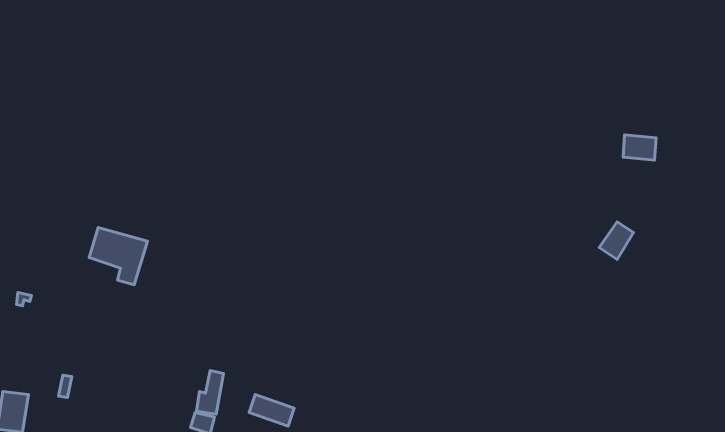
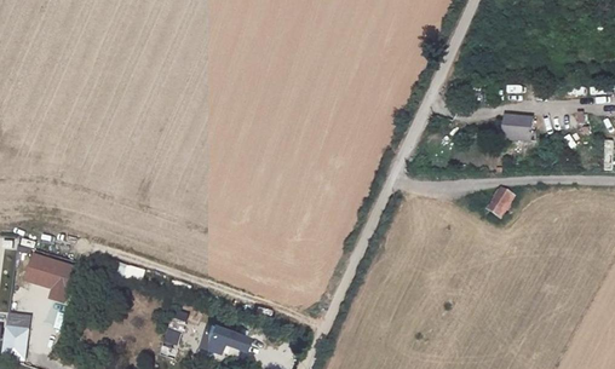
building: [89,228,148,285] -> [23,253,70,299]

